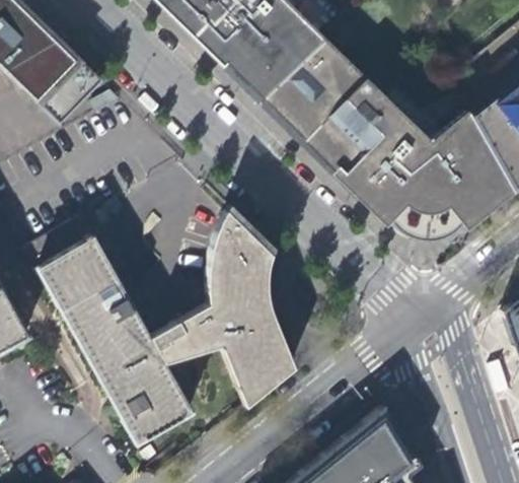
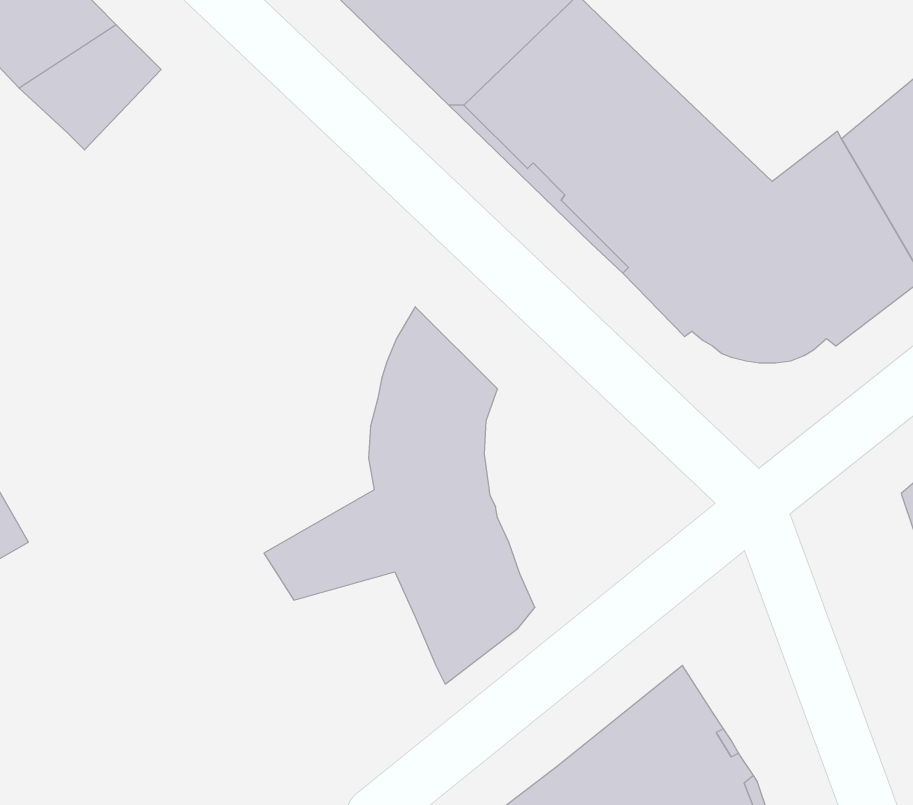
building: [36,236,196,447] -> none

